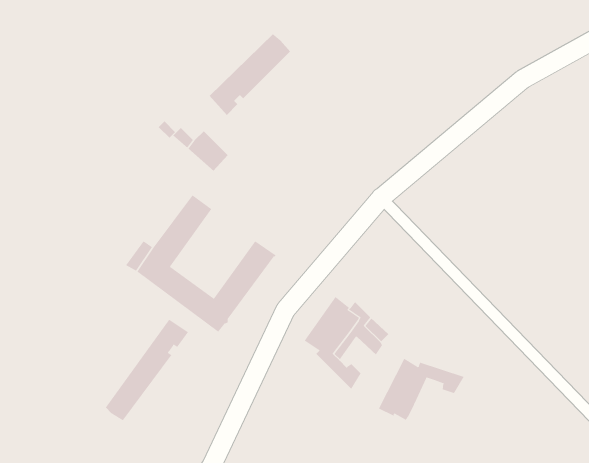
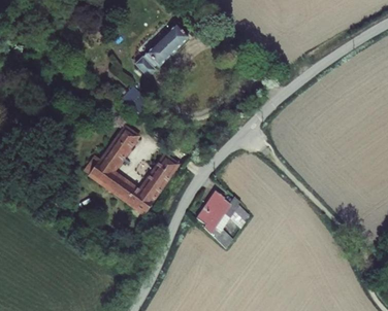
building: [105,319,189,421] -> none
building: [378,358,465,421] -> none

